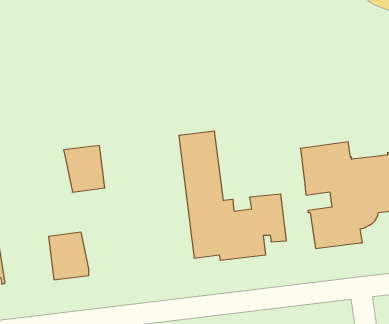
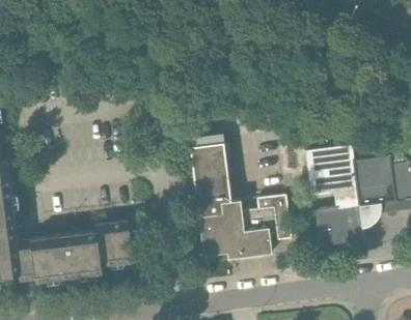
building: [64,146,105,192] -> [93,222,133,266]
building: none -> [29,235,68,281]

